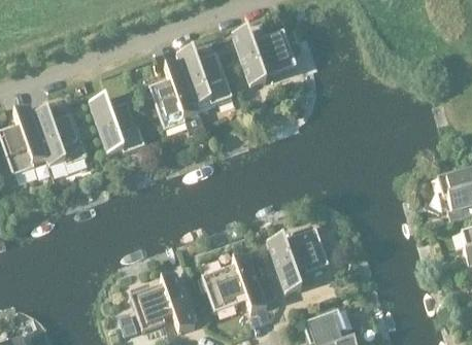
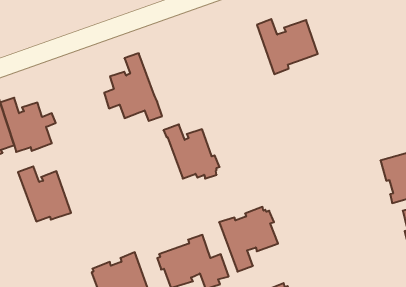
building: [232,28,297,87] -> [257,19,318,74]
building: [176,47,236,105] -> [163,124,220,179]
building: [89,96,145,154] -> [18,166,71,221]

